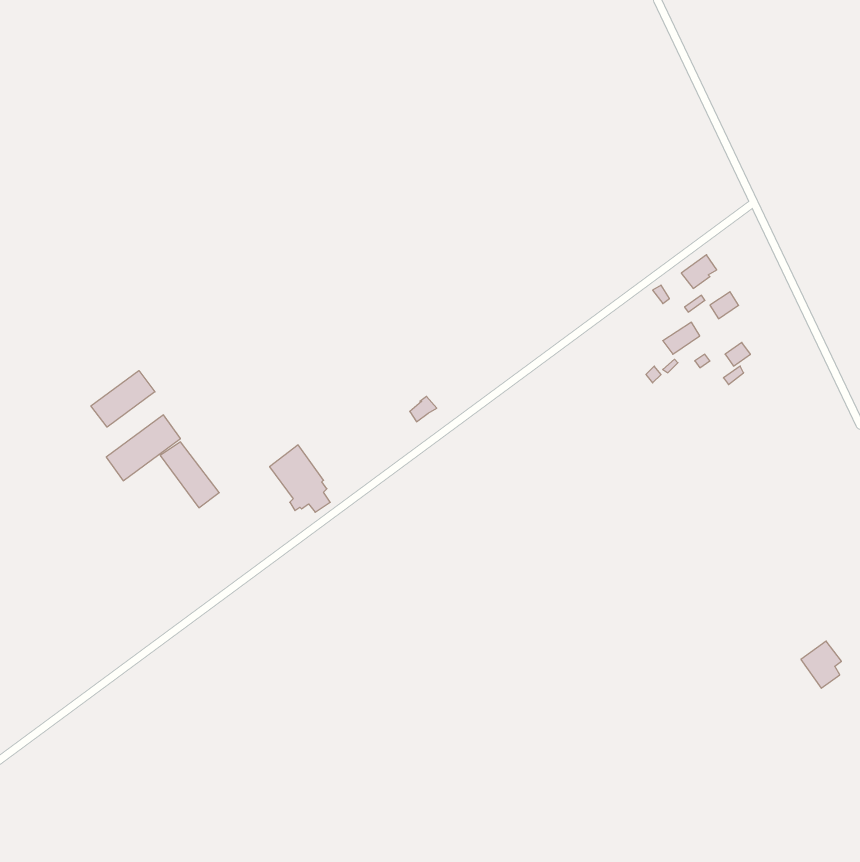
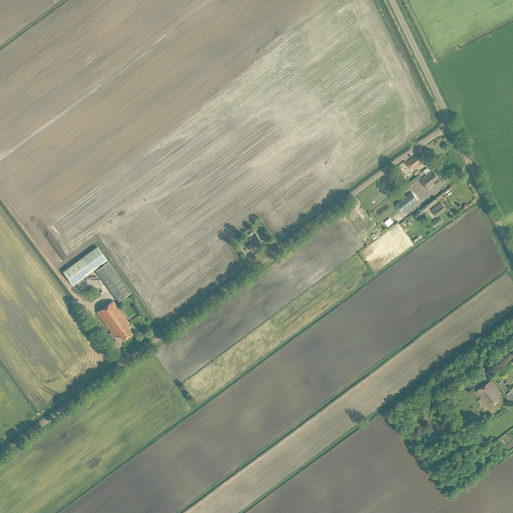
building: [91,371,155,427] -> none
building: [270,445,330,512] -> [95,301,131,341]

